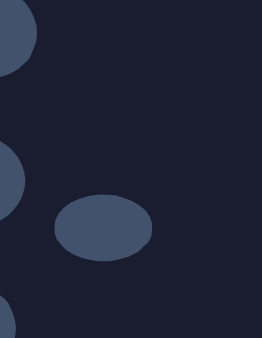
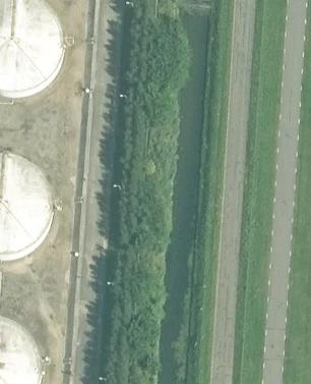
building: [54,194,153,262] -> none

